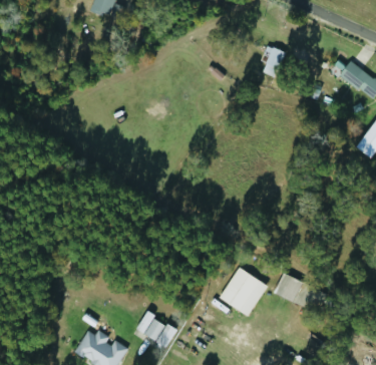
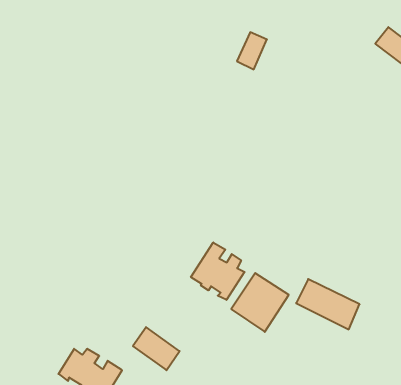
building: [260,47,285,78] -> [237,32,267,69]
building: none -> [191,242,245,300]

